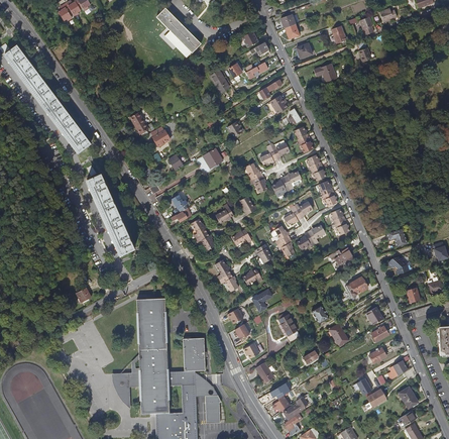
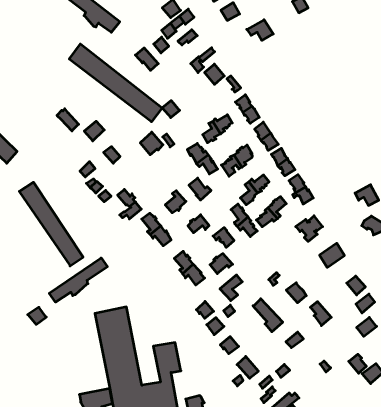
building: none -> [69,44,162,122]
building: none -> [49,258,107,302]

